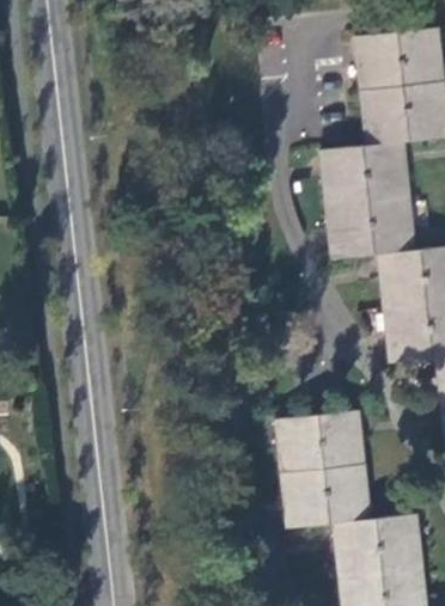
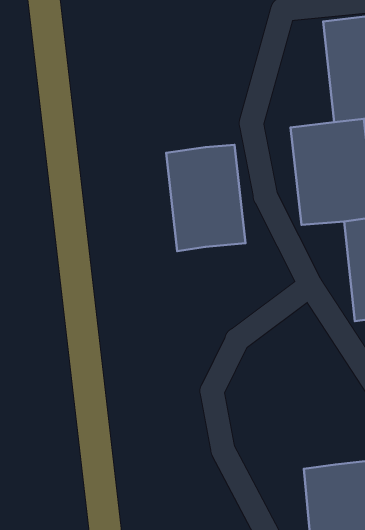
building: none -> [166,145,245,251]
building: [276,412,368,530] -> none

